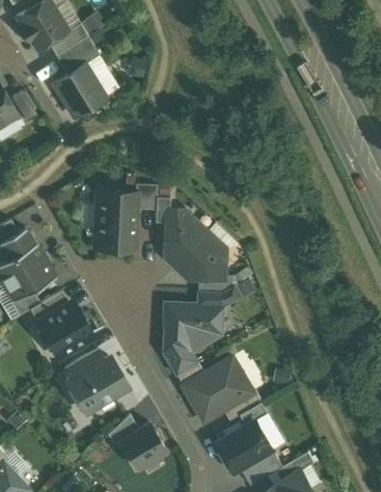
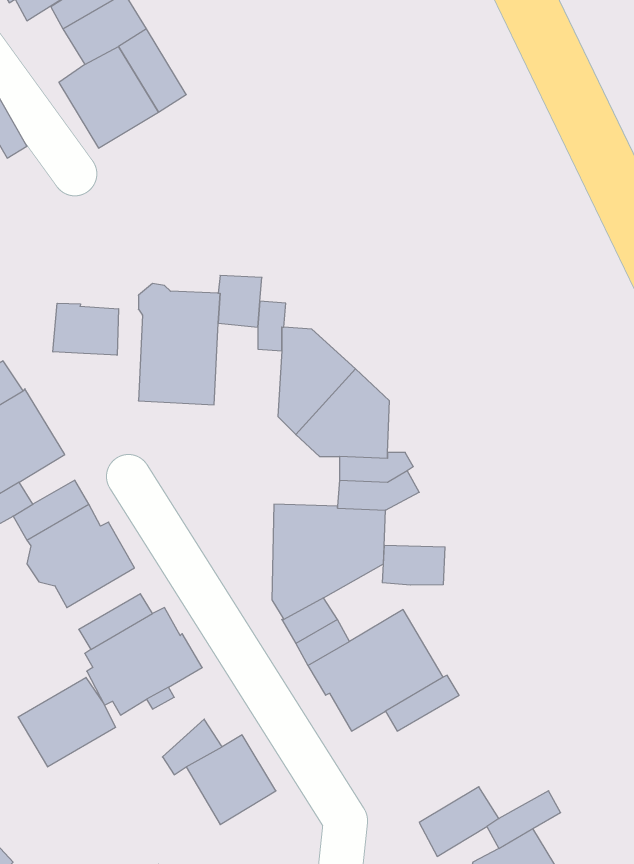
building: none -> [53,303,119,355]
building: none -> [382,545,445,585]
building: none -> [18,677,115,767]
building: [218,421,272,472] -> none

